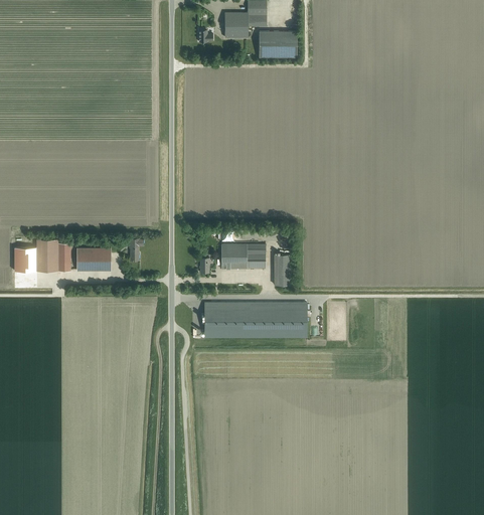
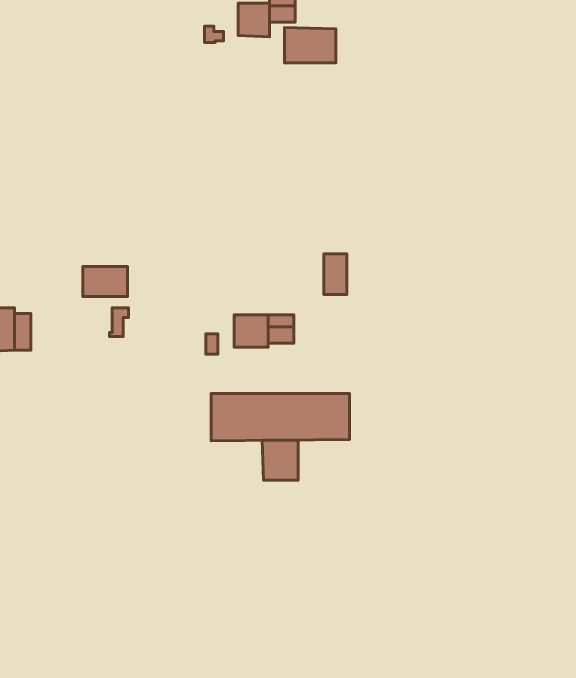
building: [76,247,110,270] -> [83,267,128,296]
building: [273,253,290,284] -> [324,254,347,294]
building: none -> [262,440,298,480]

